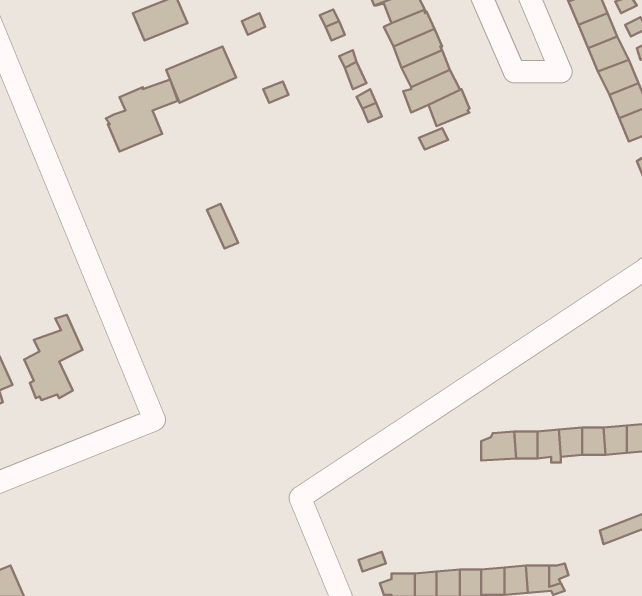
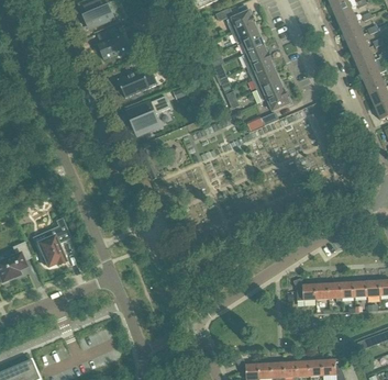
building: [106,80,178,151] -> [130,96,170,136]

